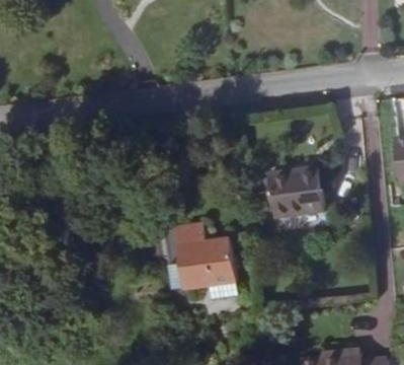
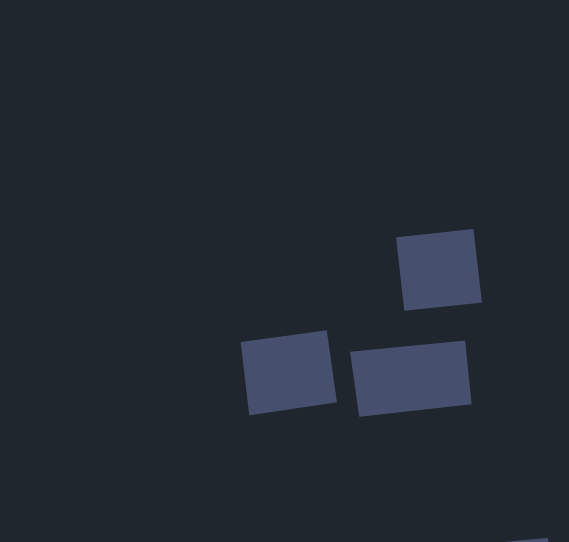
building: none -> [349,340,472,417]

